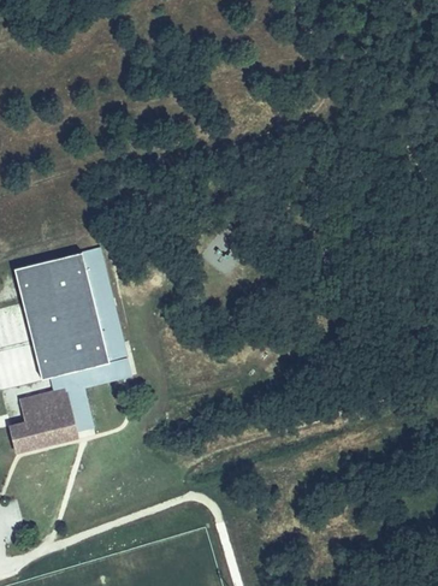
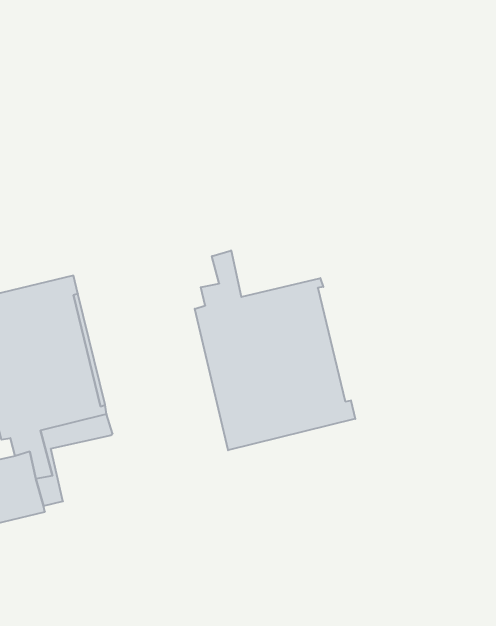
building: none -> [195,250,355,450]

